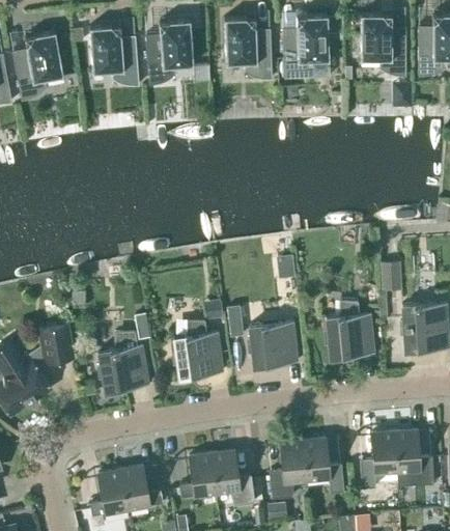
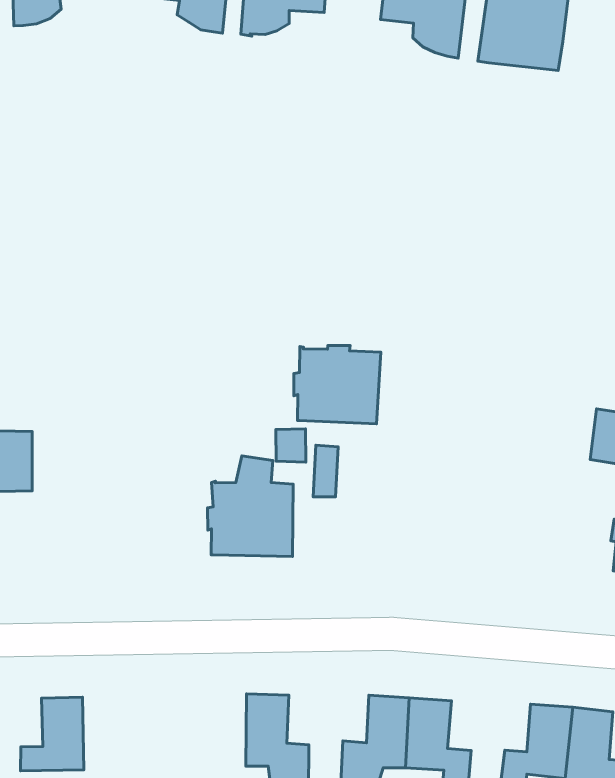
building: [324,301,374,359] -> none
building: [247,320,298,367] -> [294,345,381,424]
building: [97,332,149,392] -> none
building: [178,453,217,498] -> none
building: [119,467,162,510] -> none

